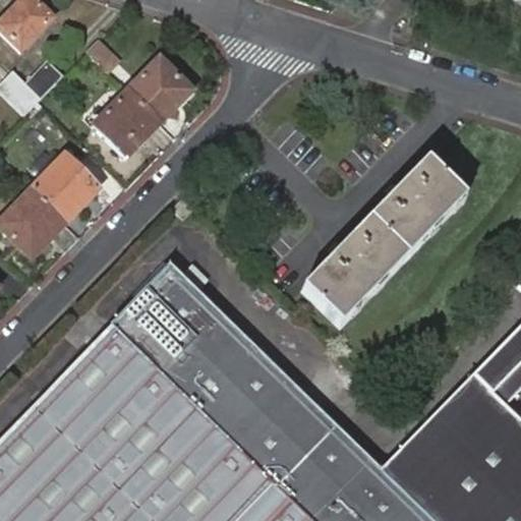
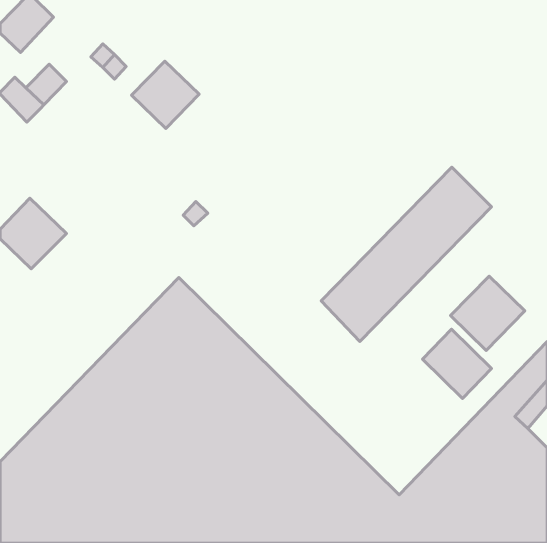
building: [90,91,158,159] -> none
building: [28,154,97,222] -> none
building: none -> [450,276,525,351]
building: none -> [422,329,492,398]

